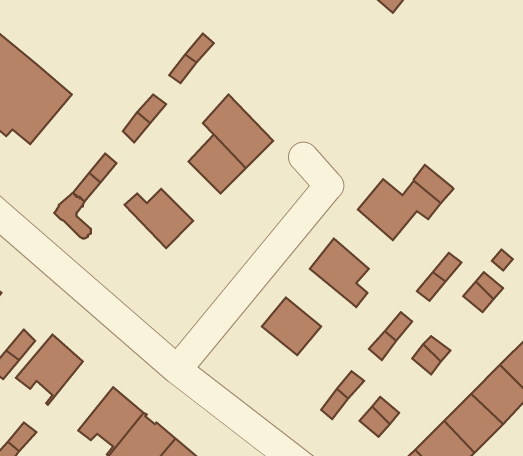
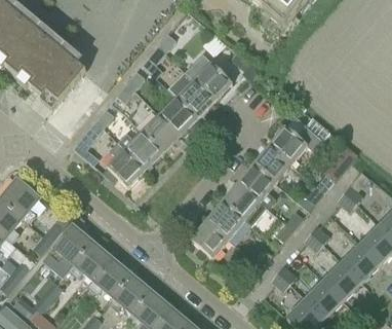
building: none -> [186,52,233,100]
building: none -> [143,113,181,151]
building: none -> [108,141,146,186]
building: none -> [253,144,291,182]
building: none -> [223,182,266,223]
building: none -> [191,219,230,257]
building: none -> [70,242,112,286]

